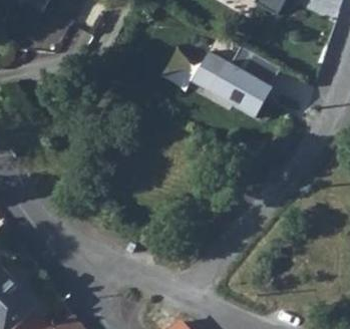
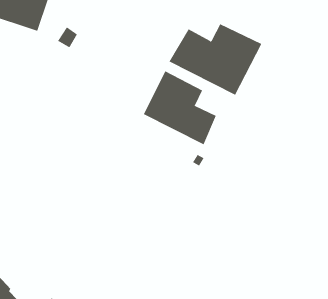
building: none -> [143,70,217,145]

